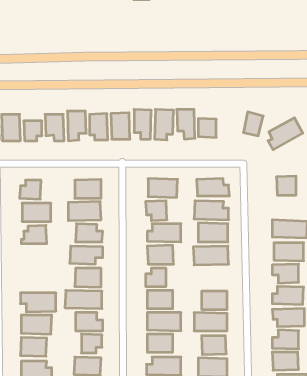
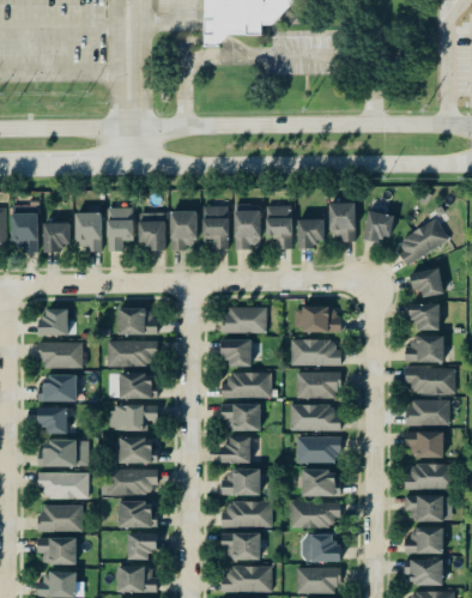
building: none -> [328,201,356,241]
building: none -> [409,267,443,296]
building: none -> [407,336,443,362]
building: none -> [36,406,67,431]
building: none -> [297,436,340,463]
building: none -> [41,439,90,467]

